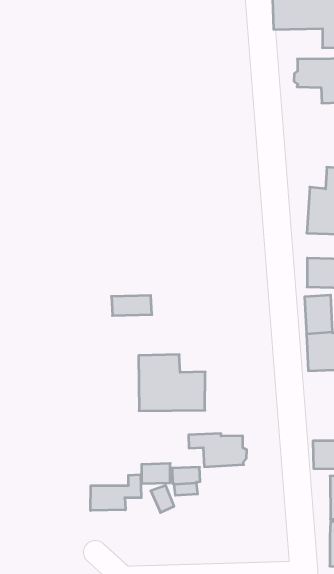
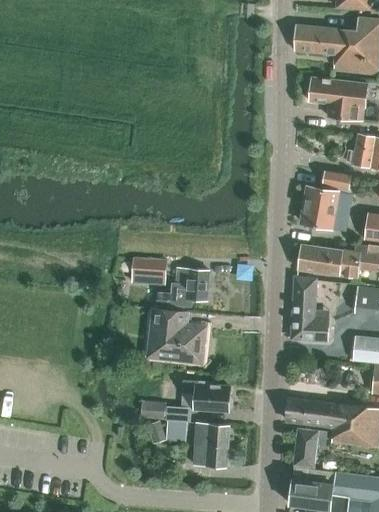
building: none -> [155,269,209,311]
building: [91,474,141,511] -> none
building: none -> [193,423,229,467]

